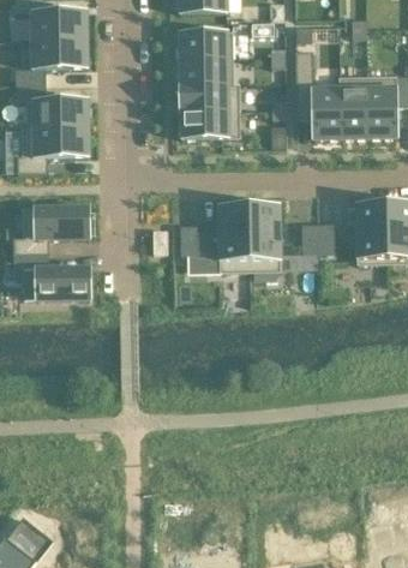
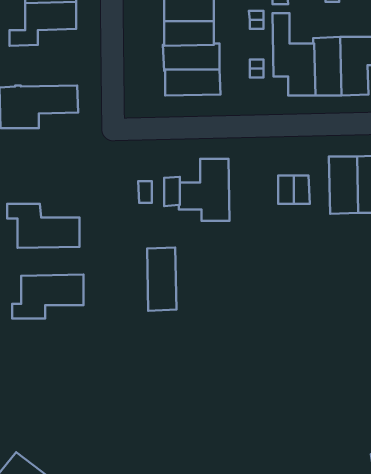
building: [16,84,88,128] -> none
building: [248,204,280,271] -> [147,248,176,311]
building: [13,207,89,253] -> [12,275,83,319]

